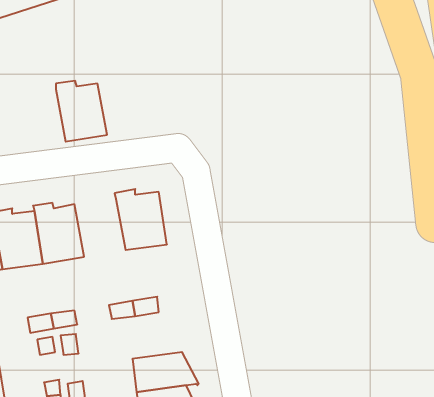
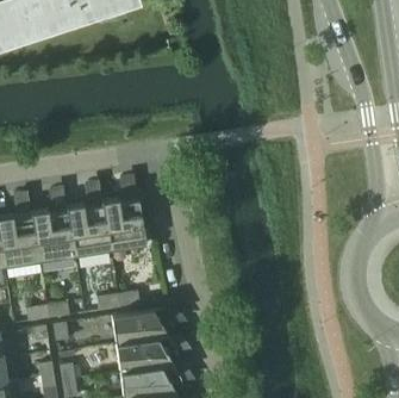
building: [56,81,107,142] -> [66,204,110,256]
building: none -> [111,309,168,344]

